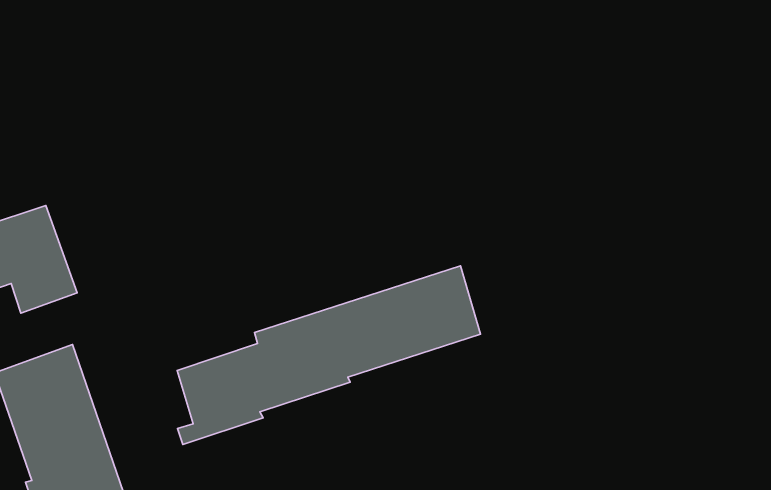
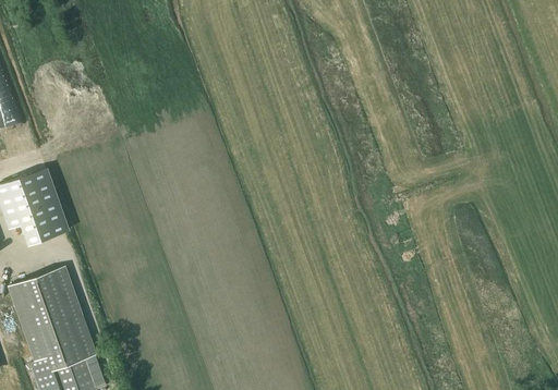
building: [177,266,481,445] -> none

